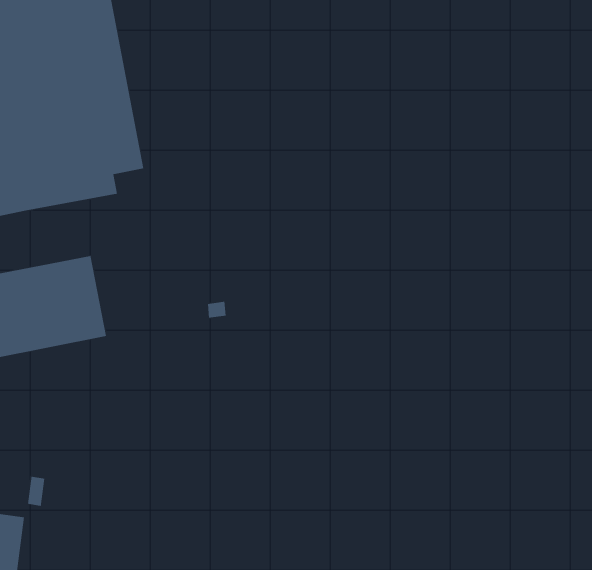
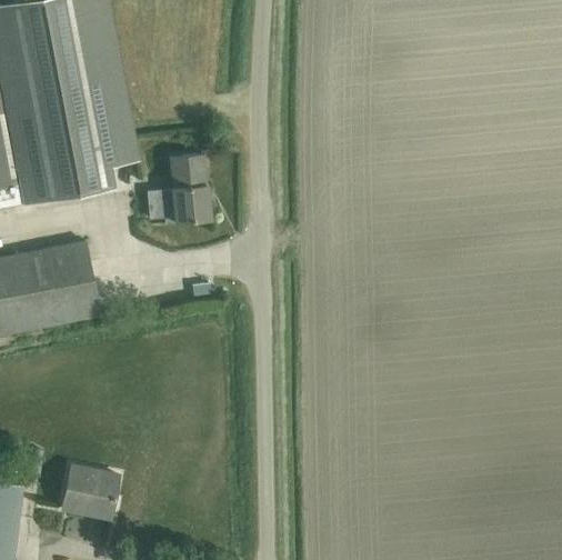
building: none -> [148,156,209,223]
building: none -> [63,464,119,513]

